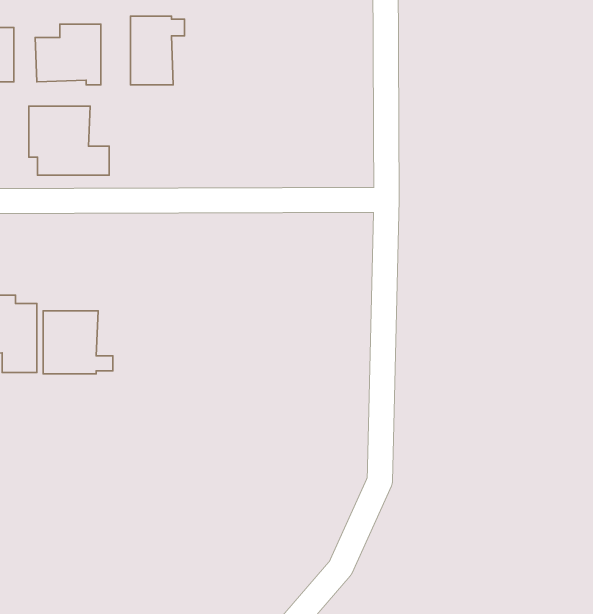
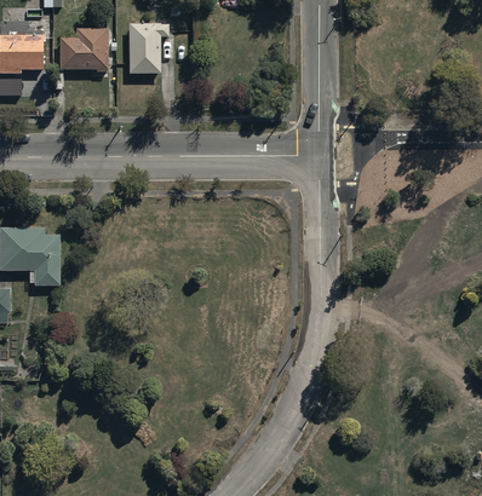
building: [29,106,109,175] -> none
building: [43,311,113,374] -> none

